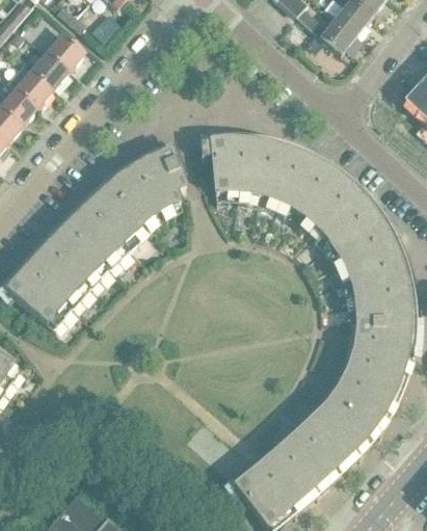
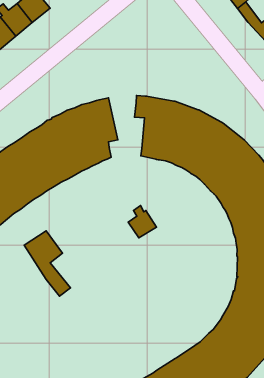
building: none -> [128,205,156,238]
building: none -> [24,231,71,296]

